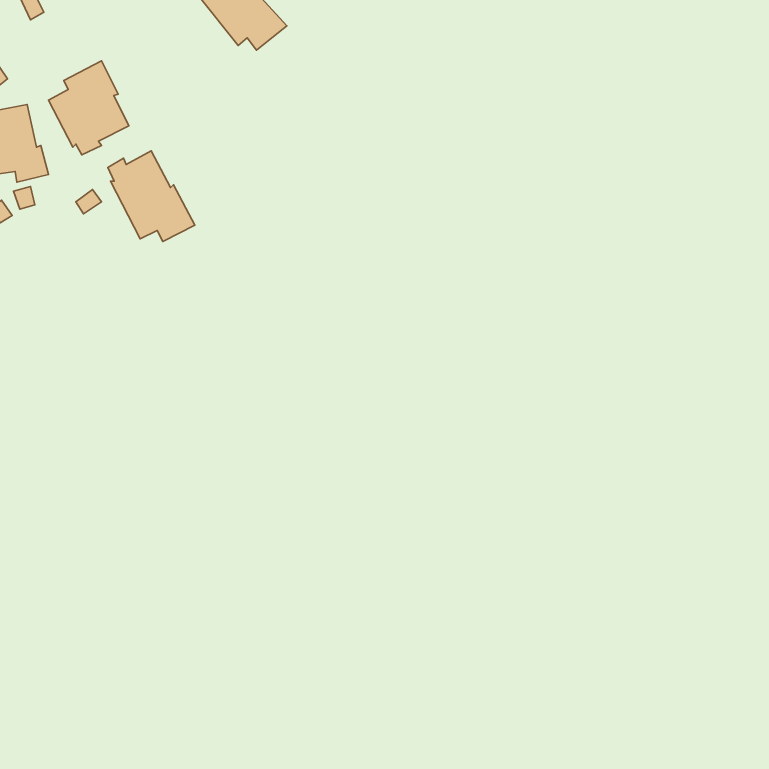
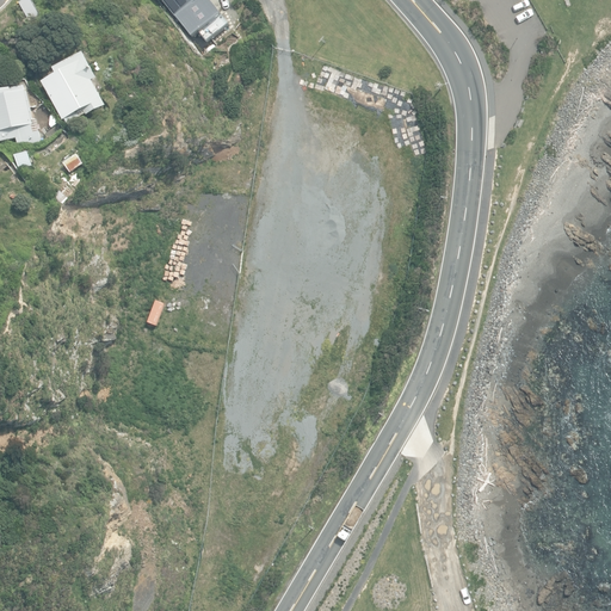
building: [108,151,195,241] -> none

